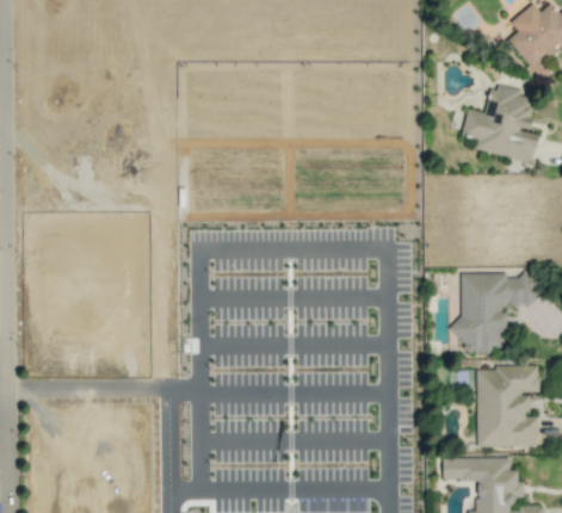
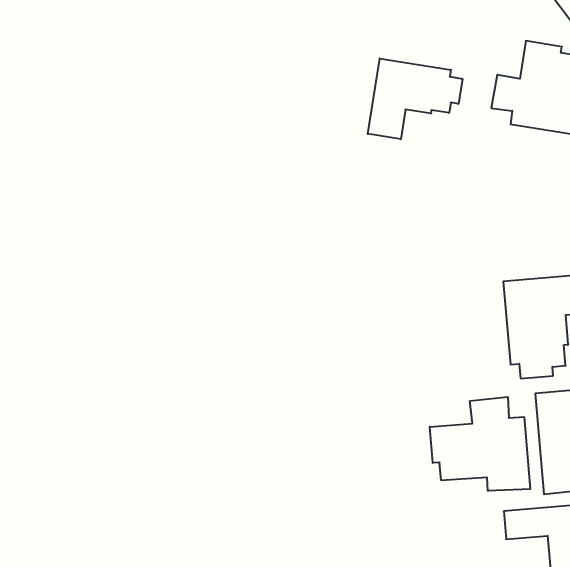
building: none -> [368,58,462,139]
building: none -> [430,397,530,491]

